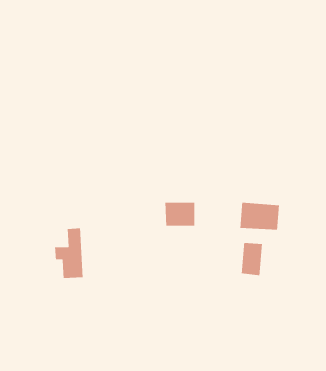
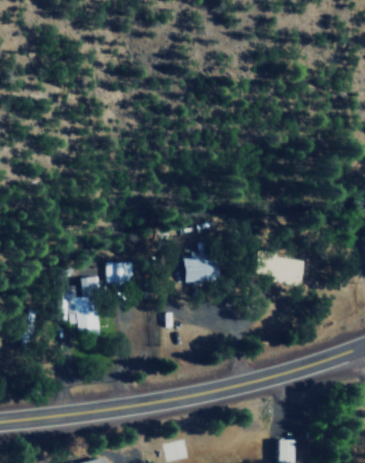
building: none -> [106,261,134,287]
building: [241,242,263,276] -> none

